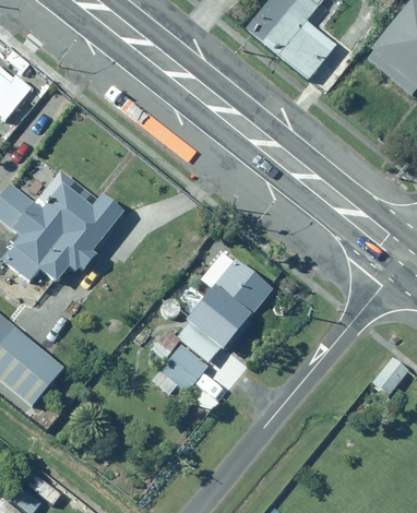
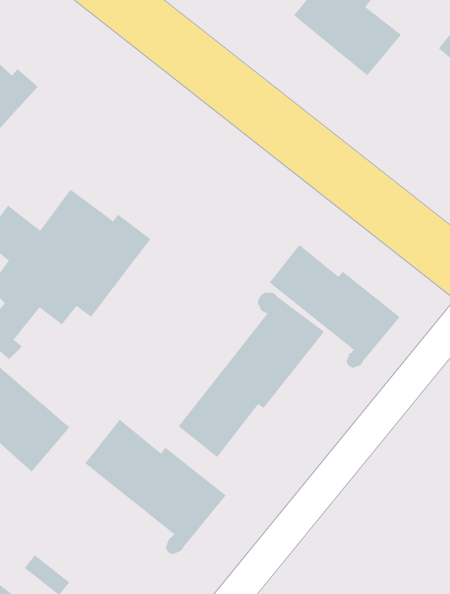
building: none -> [269,244,400,369]
building: none -> [85,419,227,555]

